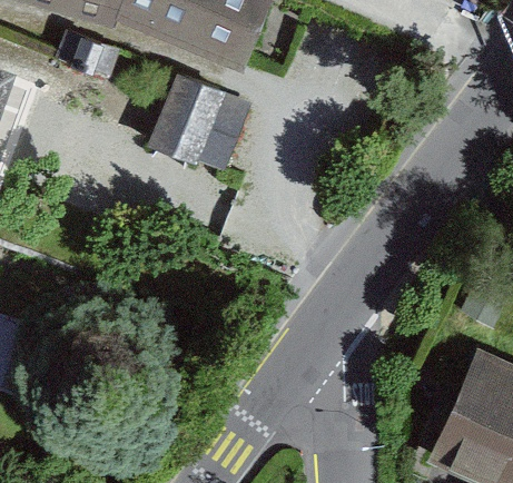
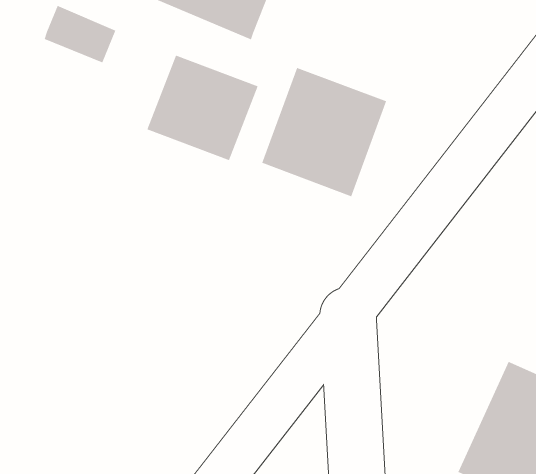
building: none -> [262,67,387,197]

